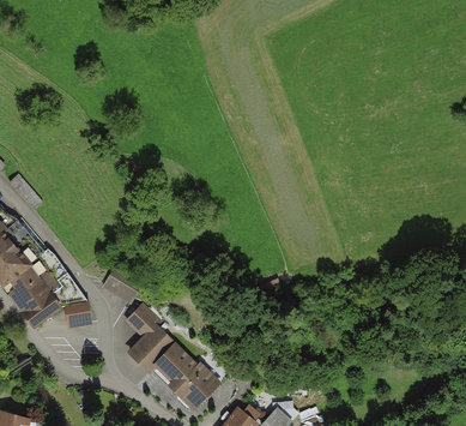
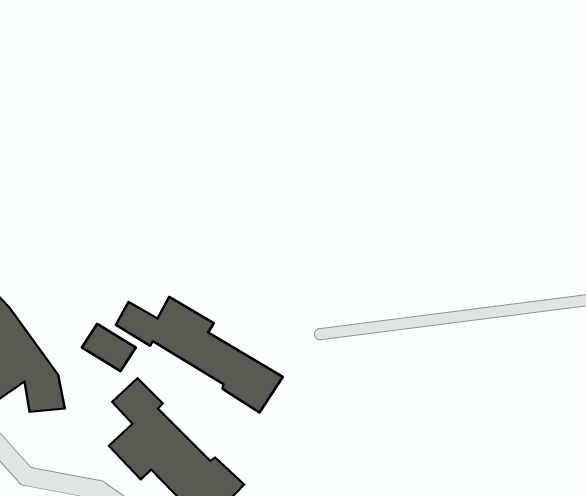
building: none -> [116,297,283,413]

